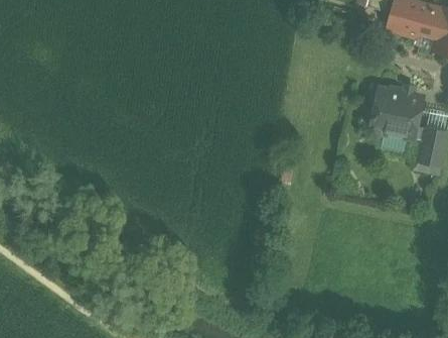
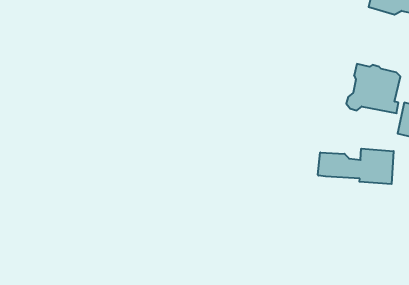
building: none -> [318,149,394,184]

